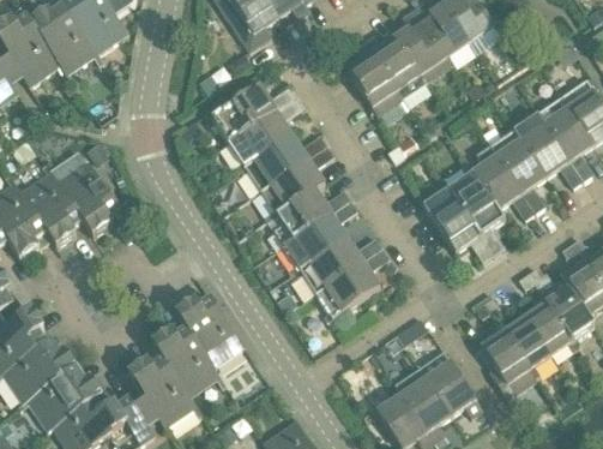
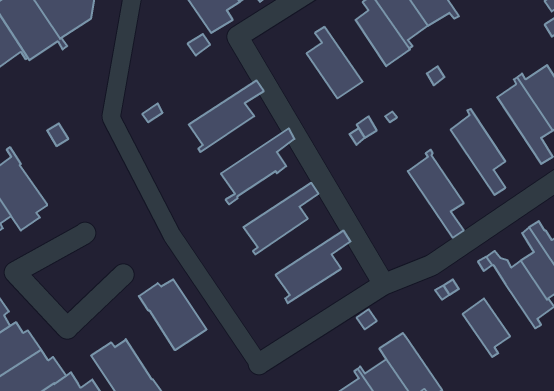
building: [363,34,426,96] -> none
building: [206,83,295,139] -> none
building: [511,112,581,186] -> none
building: [239,131,327,188] -> none
building: [471,144,535,218] -> none
building: [56,158,121,235] -> none
building: [273,186,350,243] -> none
building: [420,186,493,261] -> none
building: [294,234,382,291] -> none
building: [524,300,575,353] -> none
building: [153,327,225,396] -> none
building: [481,330,536,393] -> none

